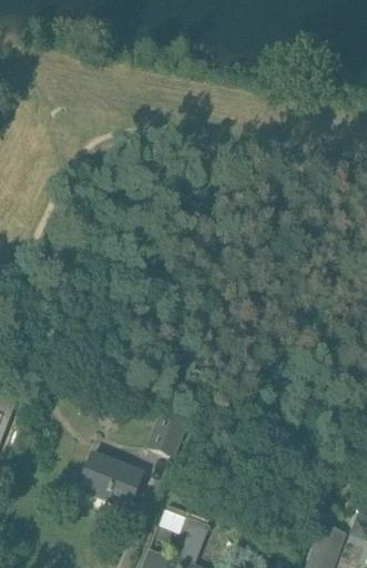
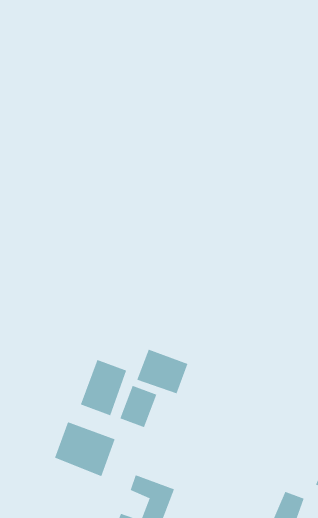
building: none -> [137,349,188,394]
building: none -> [80,359,127,416]

